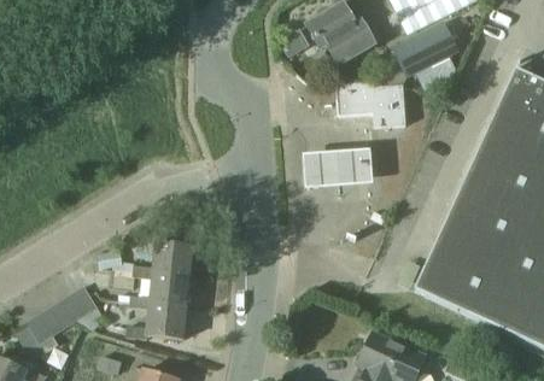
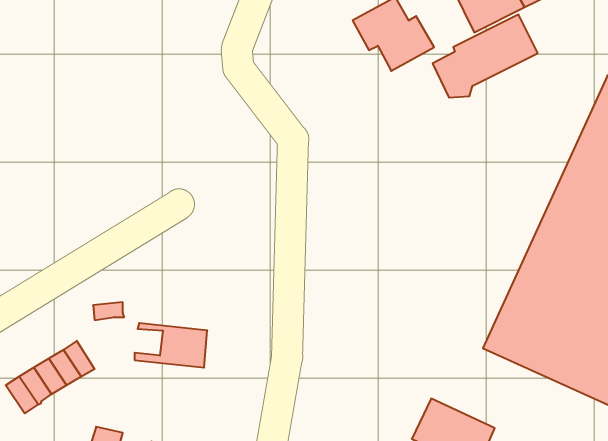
building: [337,83,405,128] -> none
building: [302,147,373,184] -> none
building: [134,242,193,277] -> none
building: [127,301,187,338] -> none

